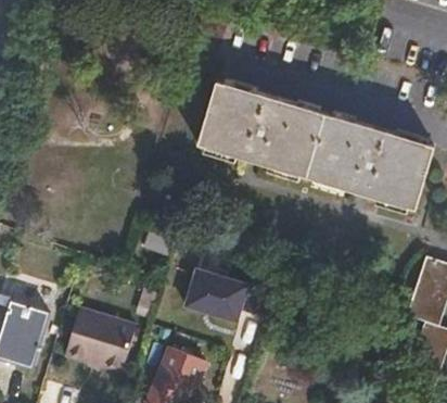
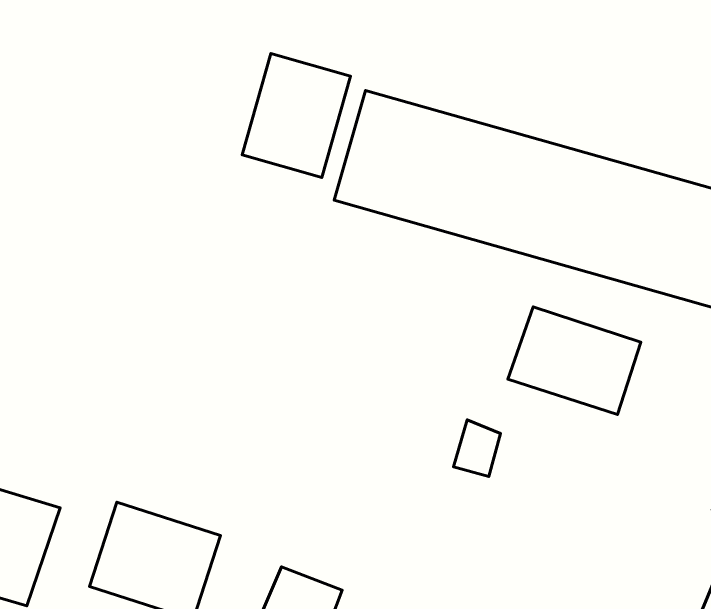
building: none -> [242,53,350,177]
building: [188,263,261,323] -> [508,307,641,415]

